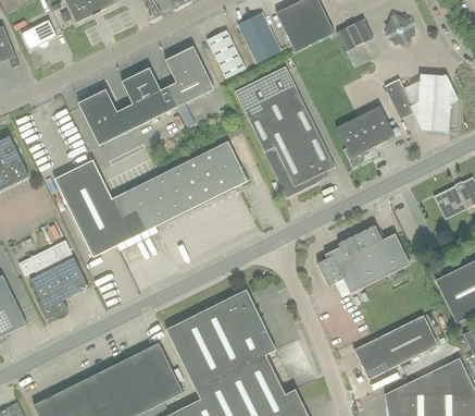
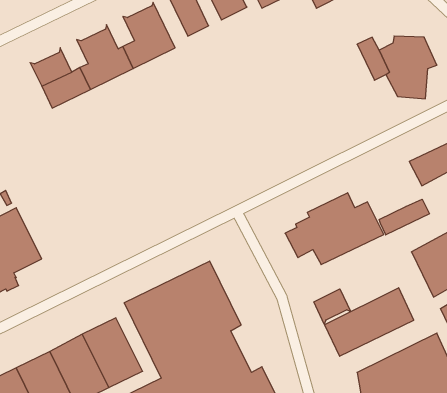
building: [235,65,335,196] -> none
building: [336,105,395,167] -> none
building: [55,140,248,257] -> none
building: none -> [379,199,429,235]
building: none -> [314,289,351,324]

